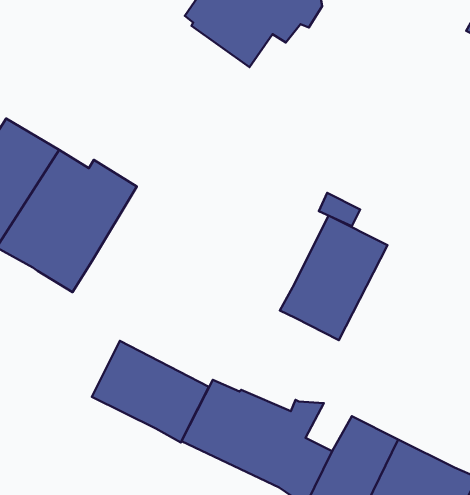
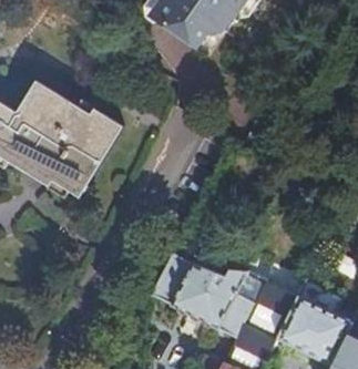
building: [280,216,388,340] -> none
building: [92,341,209,443] -> none

